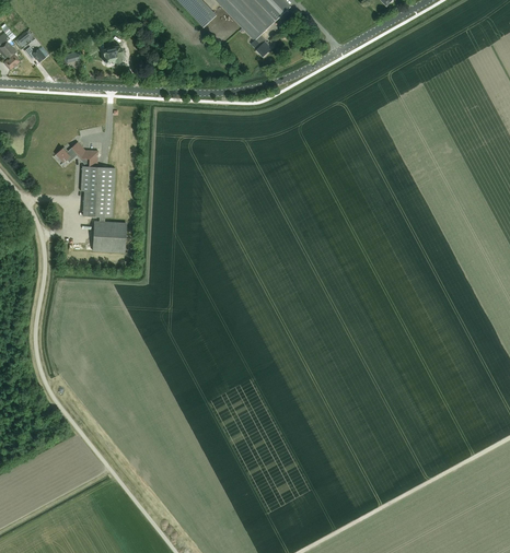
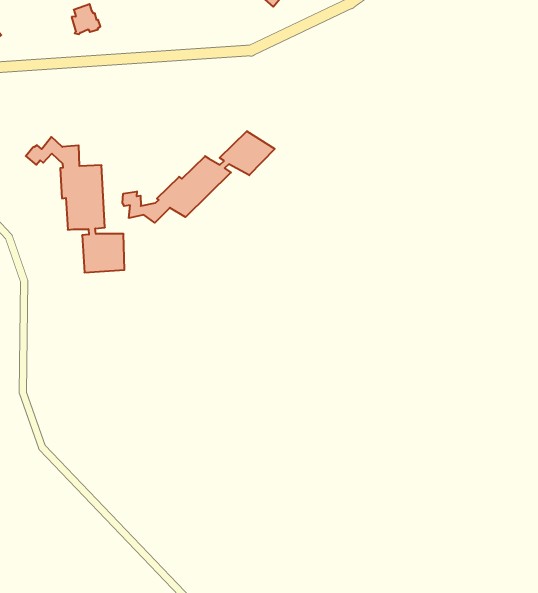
building: none -> [122,131,275,223]

